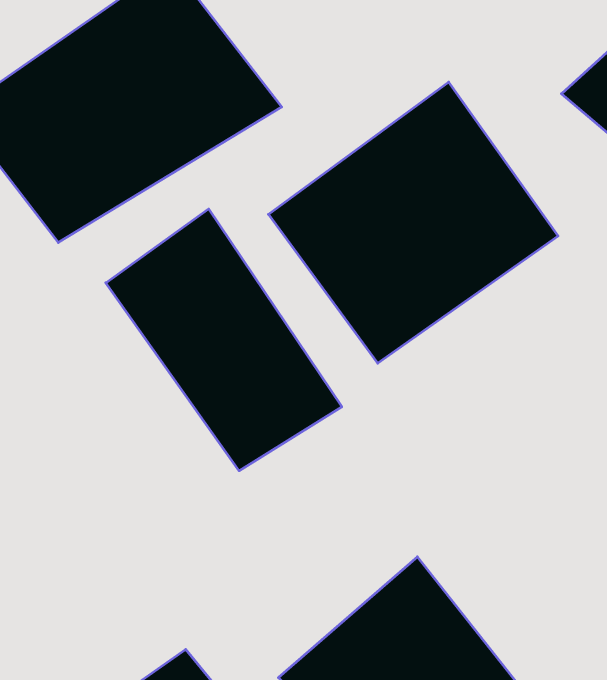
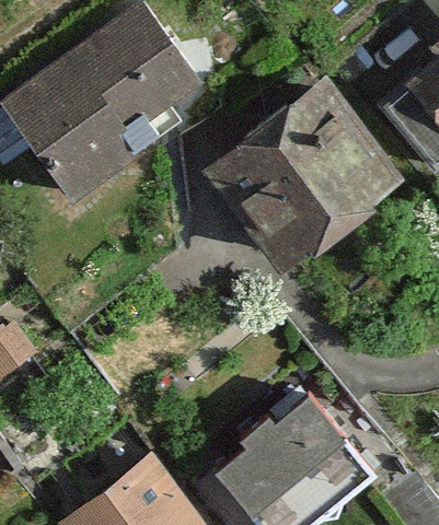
building: [106,209,342,471] -> none

